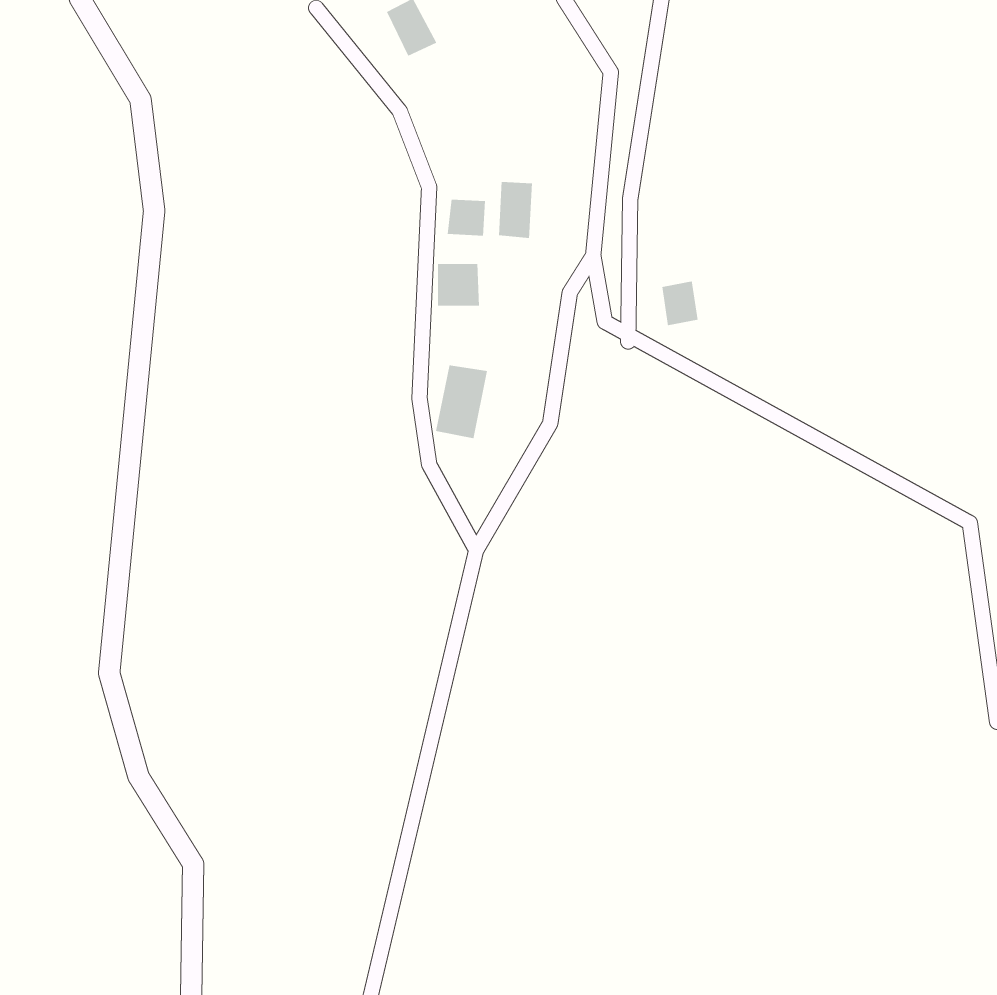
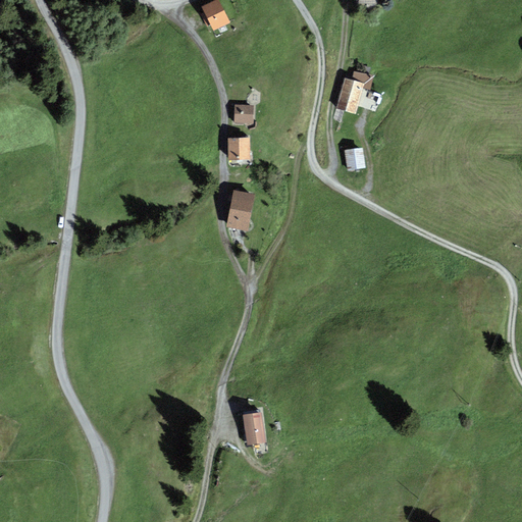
building: none -> [336,79,365,111]
building: [498,181,533,239] -> none
building: none -> [244,411,263,440]

